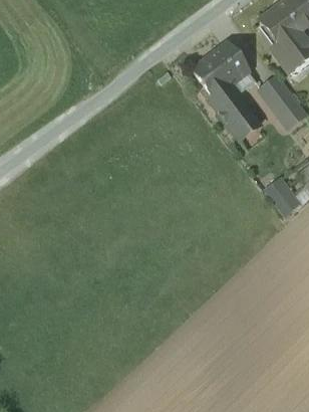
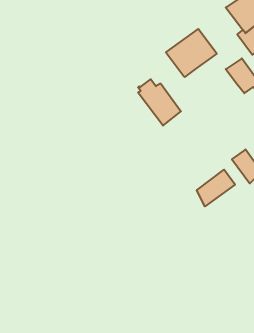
building: [211,87,259,140] -> [138,79,181,126]
building: none -> [197,170,235,206]

